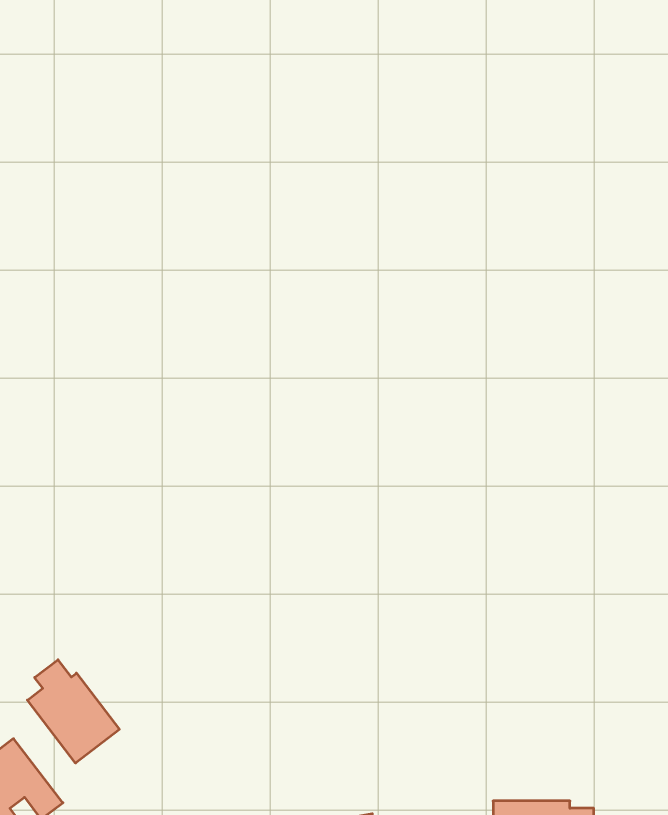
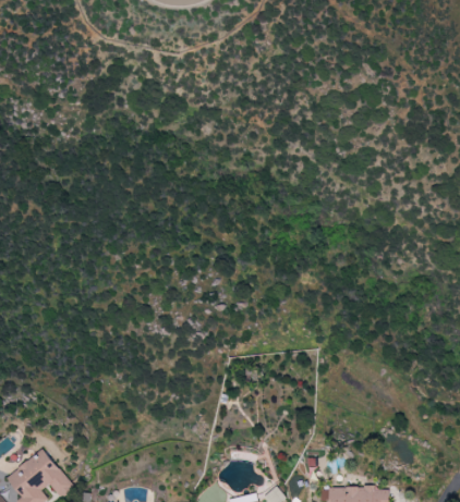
building: [27,660,119,763] -> none

